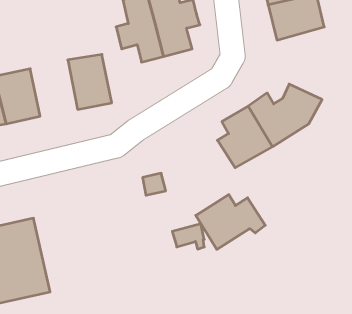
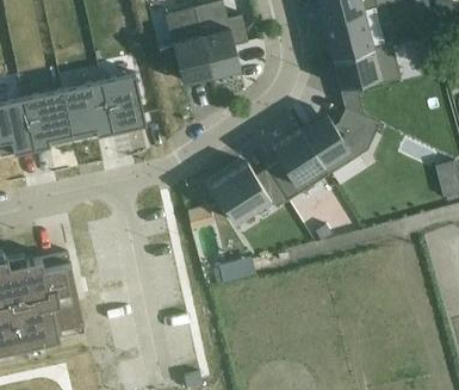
building: none -> [331,42,401,89]
building: none -> [64,80,116,141]
building: [196,195,265,249] -> [211,163,286,223]

